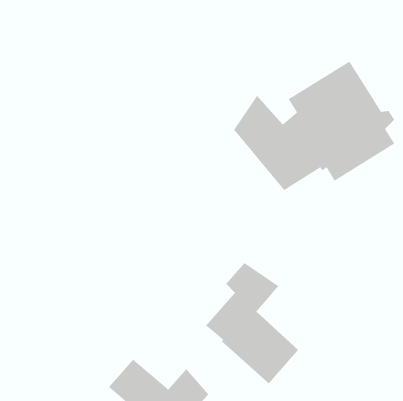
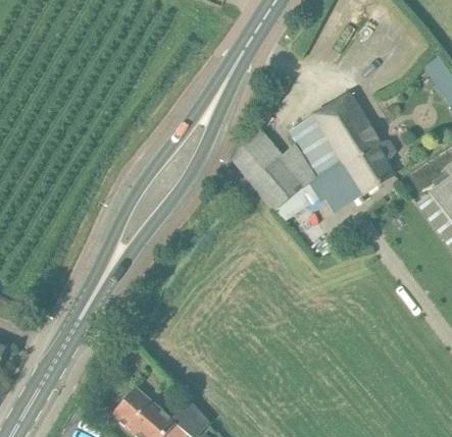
building: [205,262,299,384] -> none

